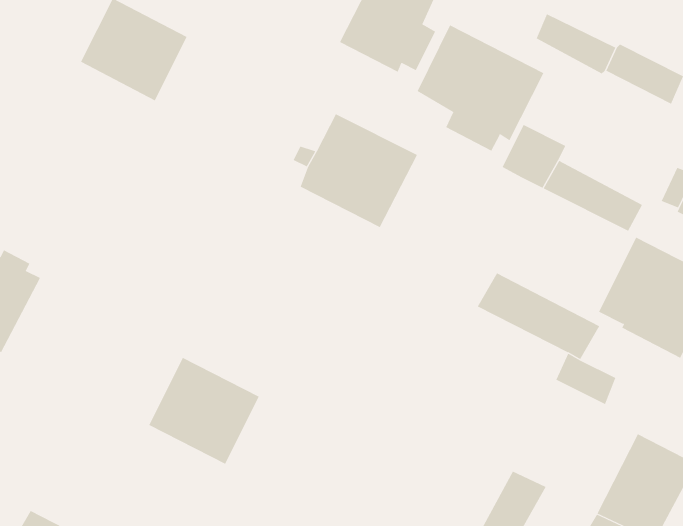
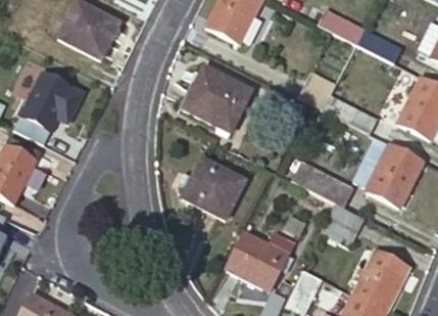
building: [417,24,544,151] -> none
building: none -> [20,73,72,130]
building: [149,357,259,464] -> [182,157,245,219]
building: none -> [227,231,293,290]

